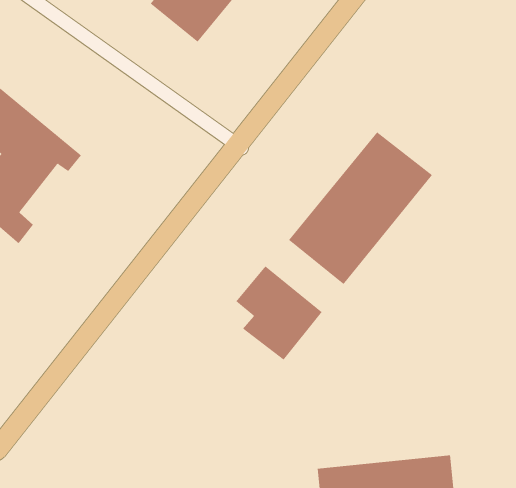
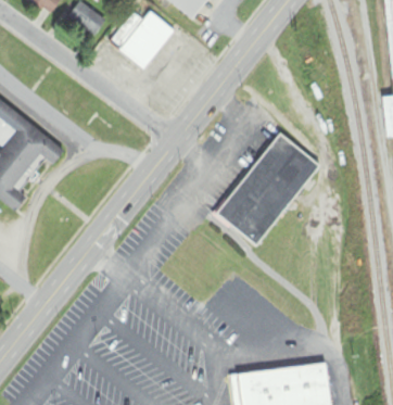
building: [235,265,323,360] -> none

